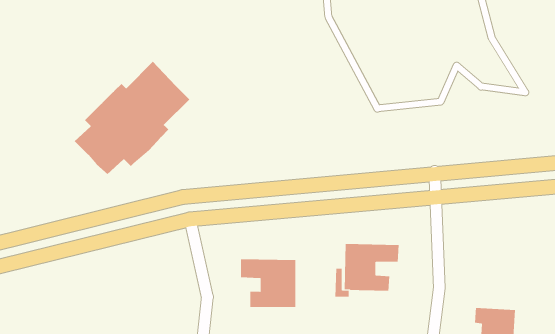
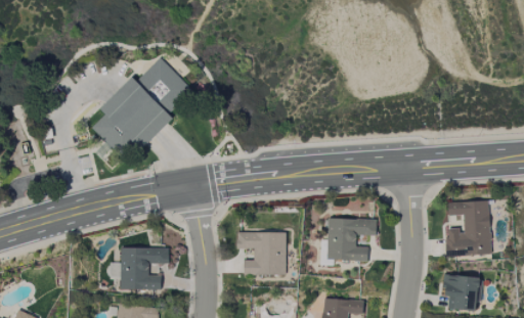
building: none -> [446,200,491,256]
building: none -> [121,246,168,288]

